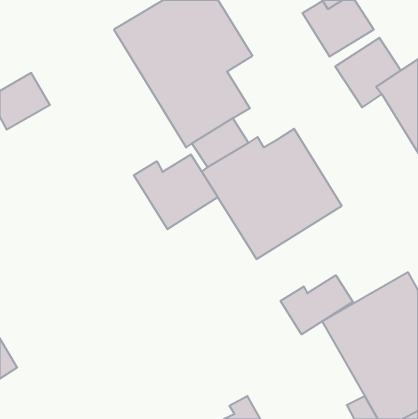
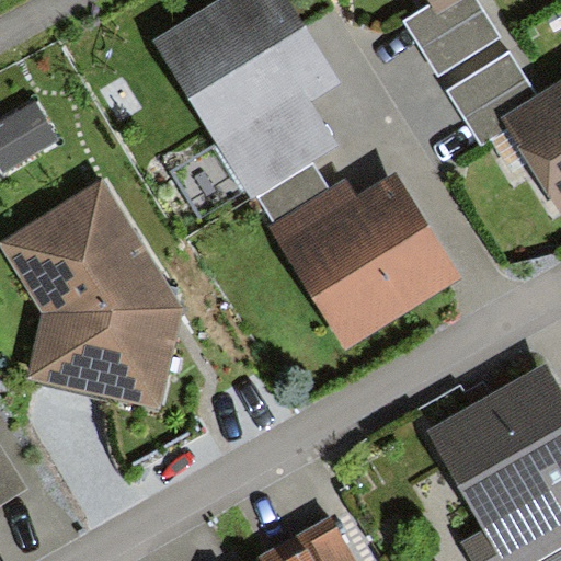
building: none -> [12,193,172,391]
building: [134,154,218,229] -> none
building: [281,275,353,334] -> none

